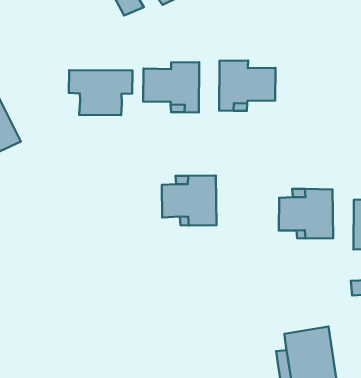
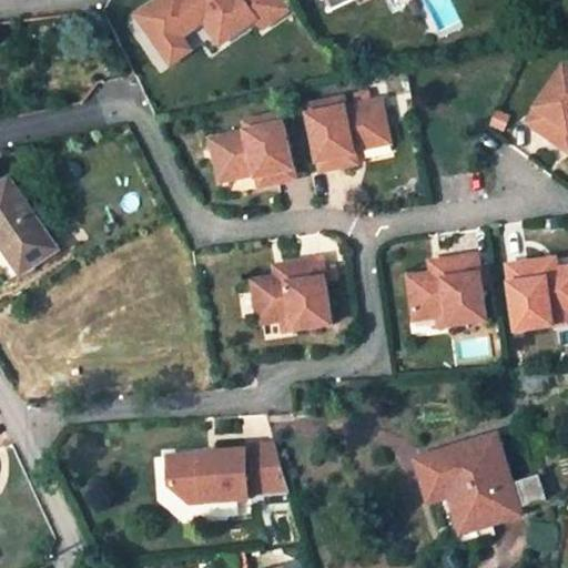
building: [69,70,132,115] -> none
building: none -> [169,444,288,501]

